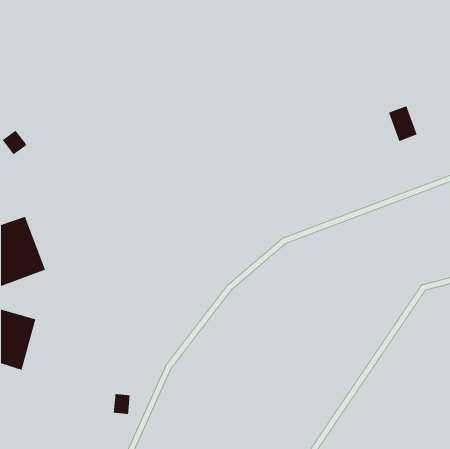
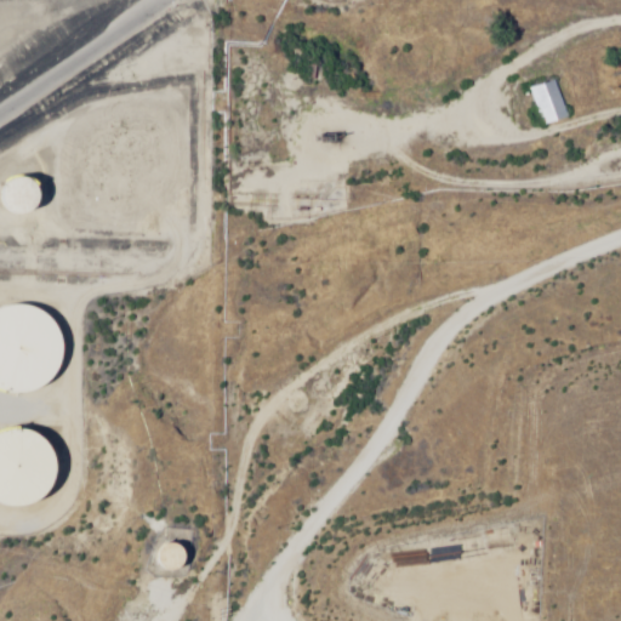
building: [388,106,417,142] -> [529,76,569,126]

